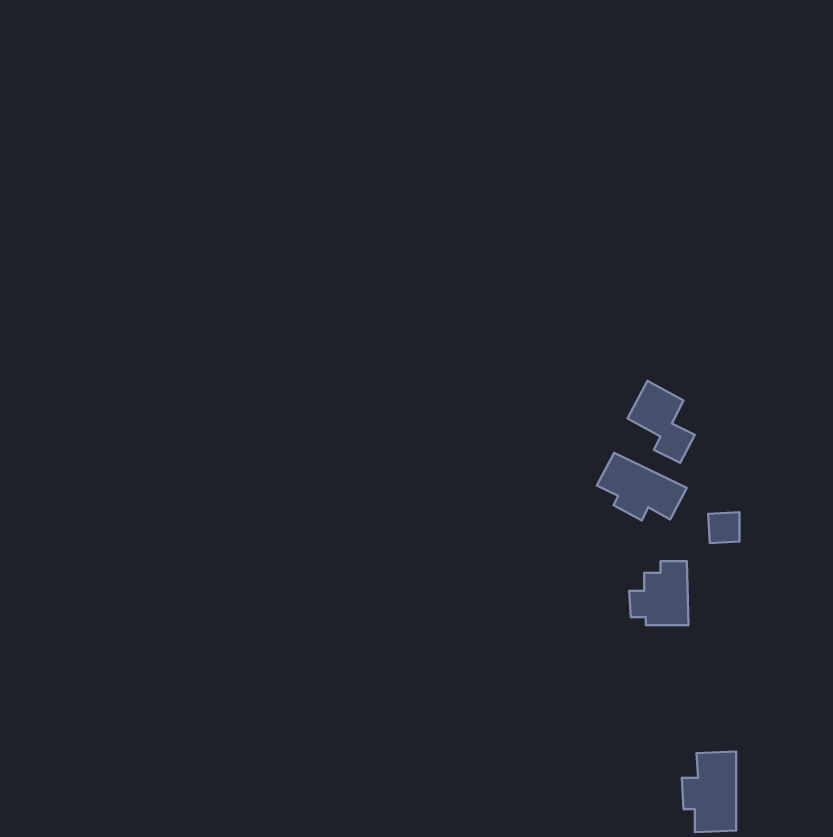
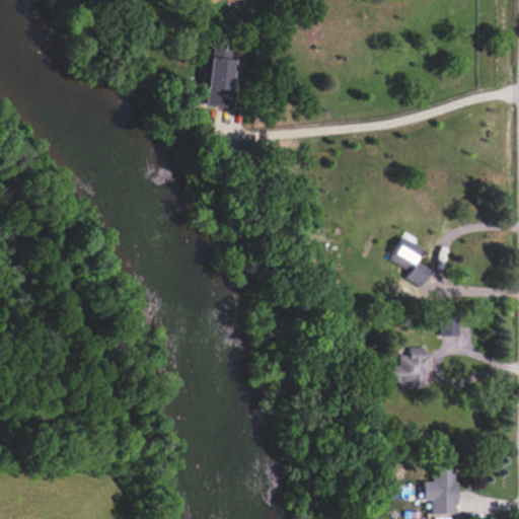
building: none -> [208,49,238,108]
building: [597,453,687,520] -> none

